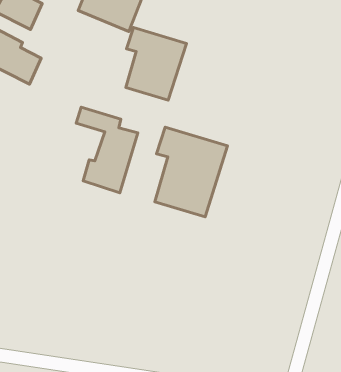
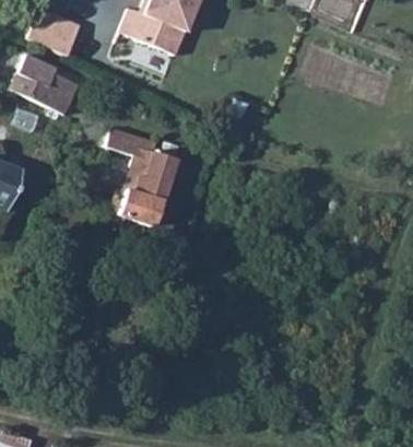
building: [126,27,186,100] -> none
building: [155,127,228,217] -> none

